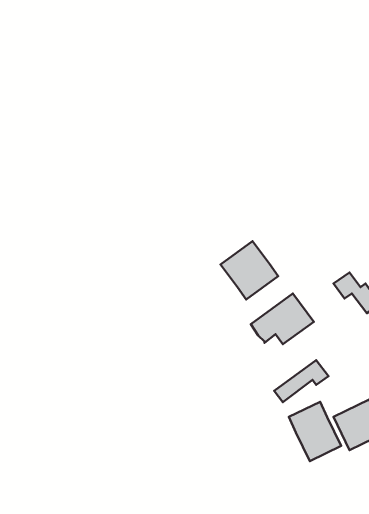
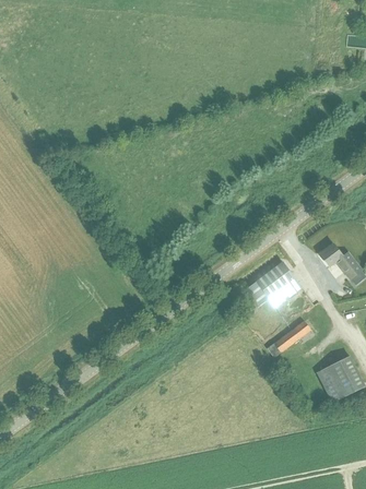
building: [221,241,278,300] -> none
building: [289,402,341,461] -> none

